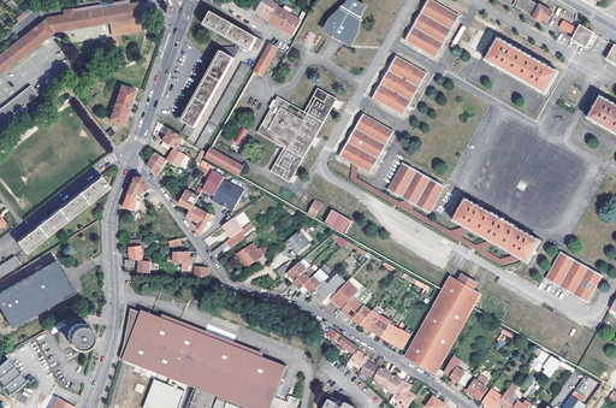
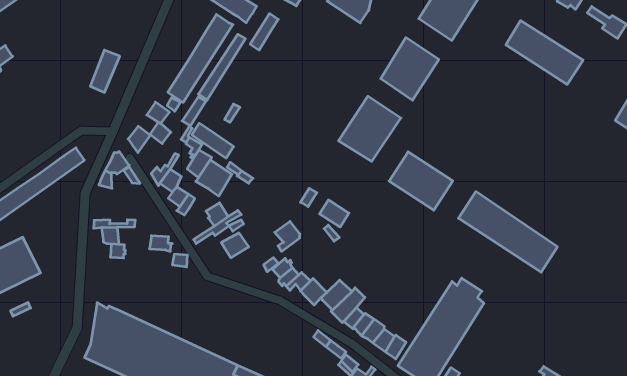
building: [254,89,336,182] -> none
building: [544,243,603,302] -> none
building: [66,321,93,348] -> none

